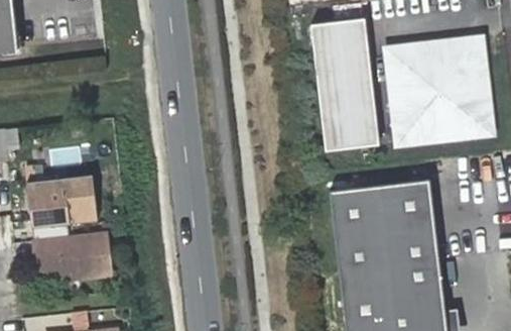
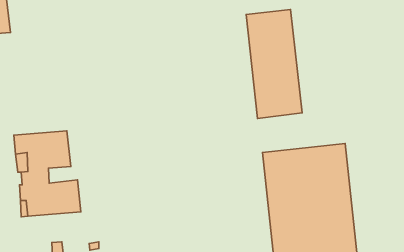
building: [390,33,489,144] -> none

